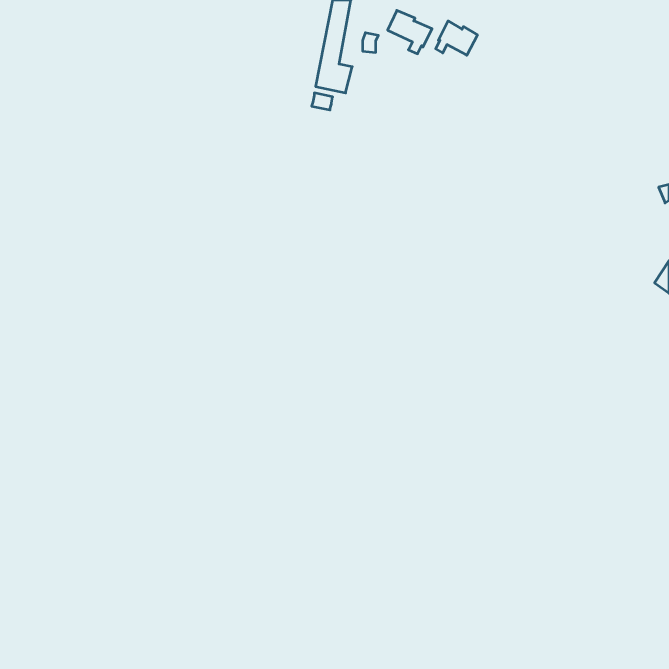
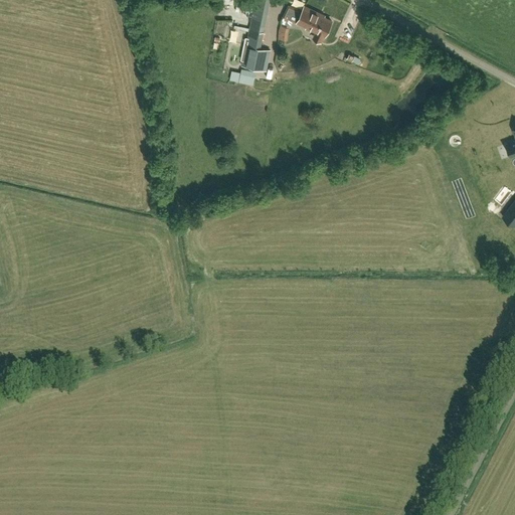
building: [436,21,477,55] -> none

